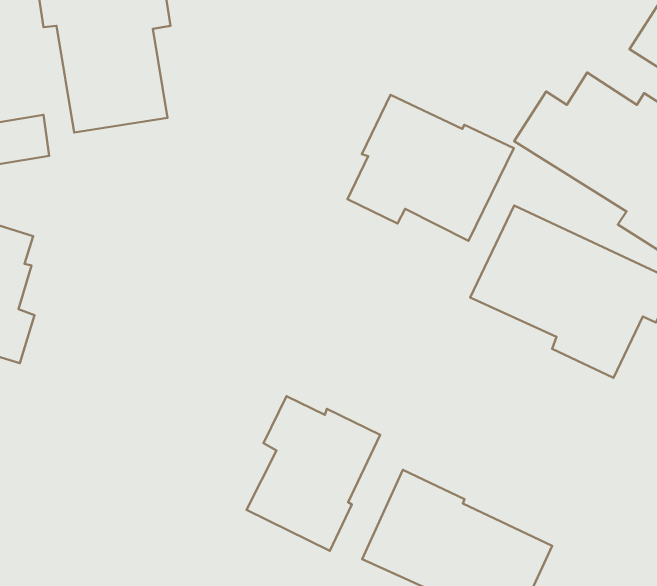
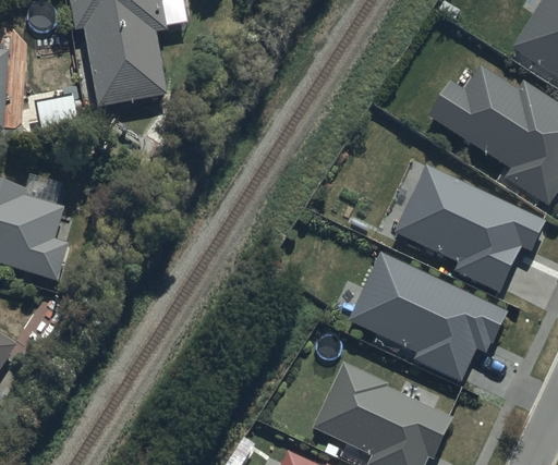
building: [347,95,514,241] -> none
building: none -> [348,252,509,380]
building: [246,396,380,551] -> none

